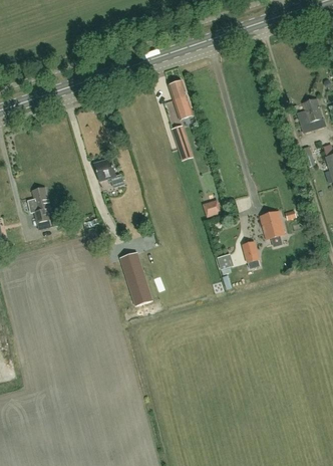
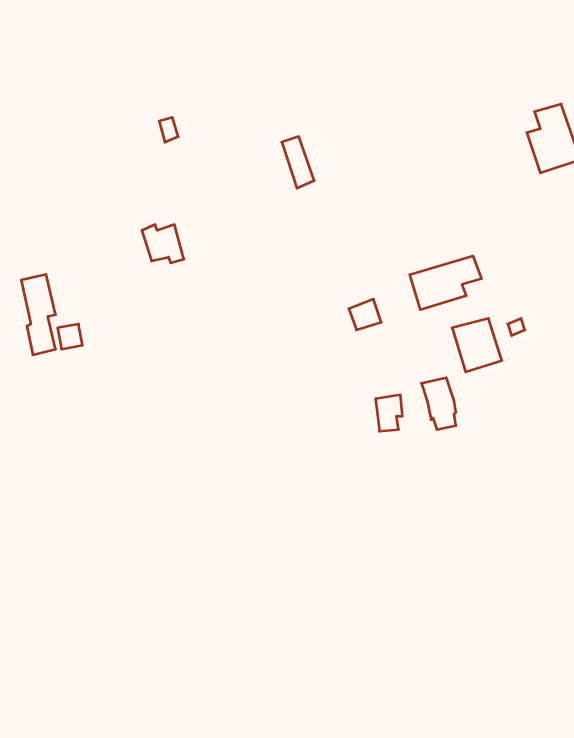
building: [168,80,192,116] -> none
building: none -> [410,256,481,310]
building: [119,252,151,305] -> none

